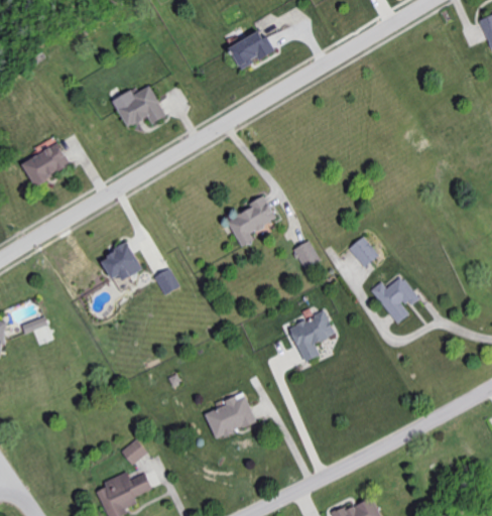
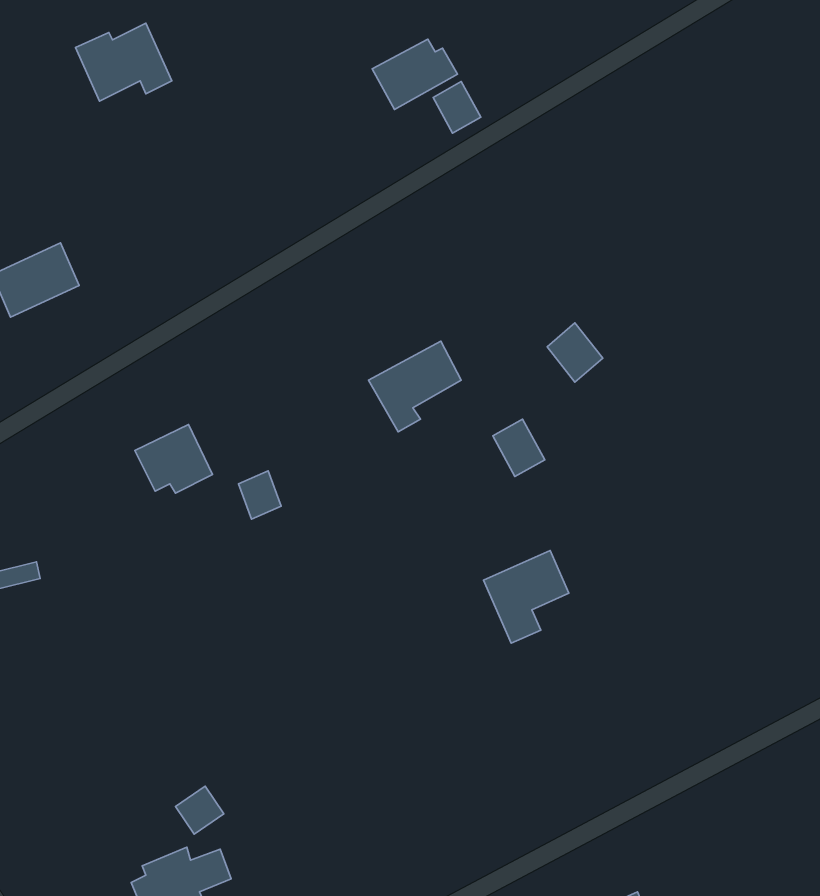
building: none -> [433,81,481,133]
building: [113,85,165,127] -> [75,23,172,101]
building: [349,235,379,267] -> [547,323,603,382]
building: [370,275,419,324] -> none
building: [205,391,256,438] -> none

